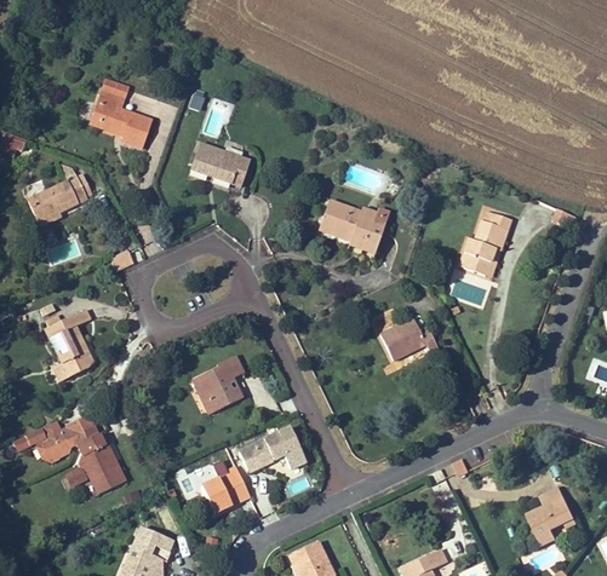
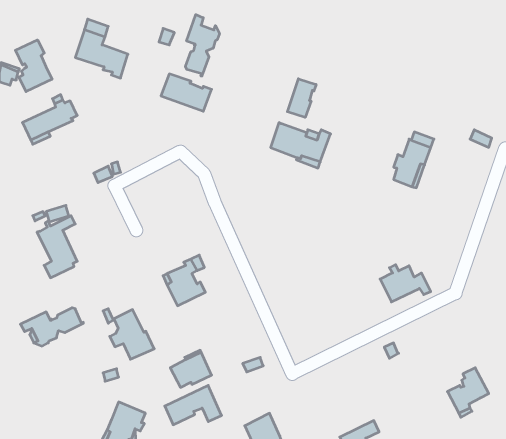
building: none -> [185,15,219,76]
building: none -> [15,40,52,92]
building: none -> [287,79,316,117]
building: [379,316,439,359] -> [380,265,431,302]
building: [239,426,305,472] -> [165,385,222,425]
building: [73,434,125,493] -> [110,310,154,359]

